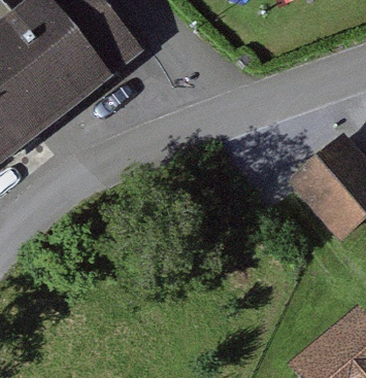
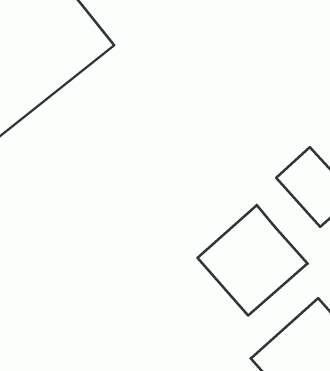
building: none -> [198,205,308,315]

